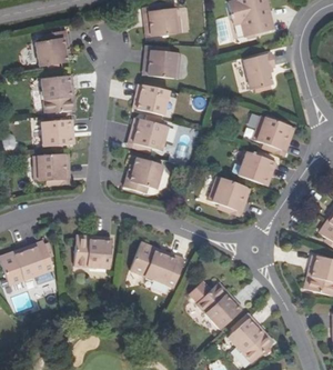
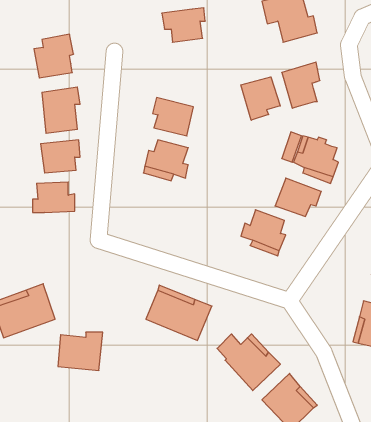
building: [143,50,176,78] -> none
building: none -> [241,77,280,120]
building: [123,157,162,193] -> none
building: [73,237,111,269] -> [58,332,103,370]

